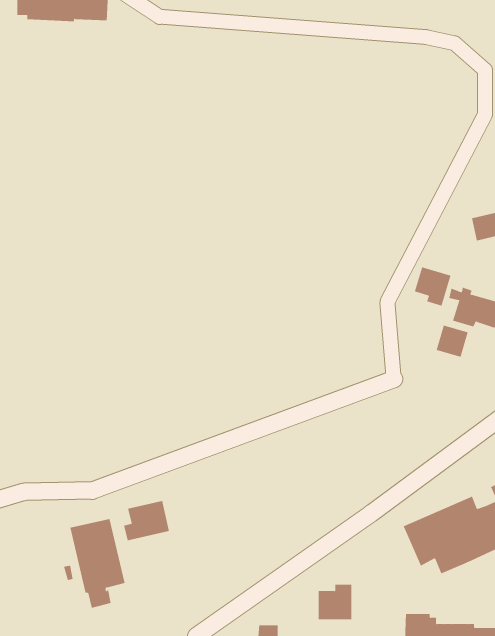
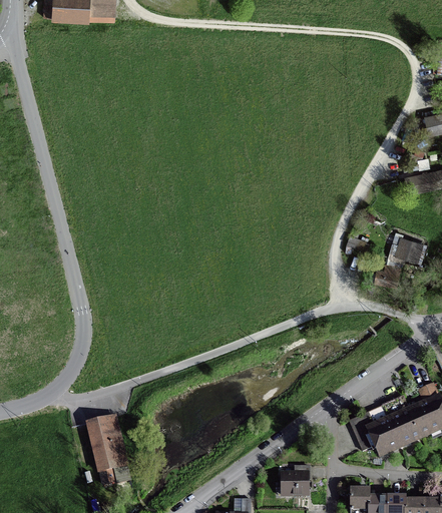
building: [414,266,451,306] -> none
building: [124,500,170,541] -> none

